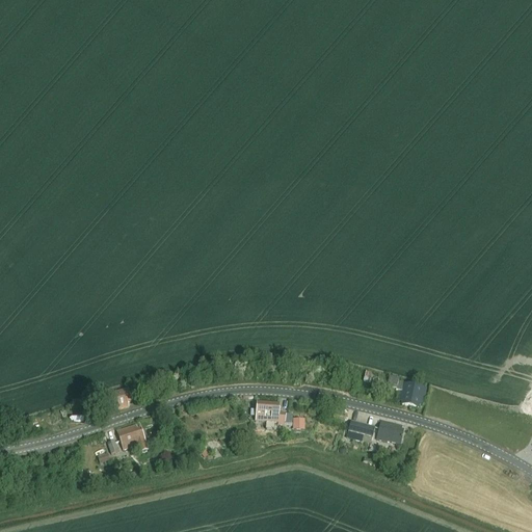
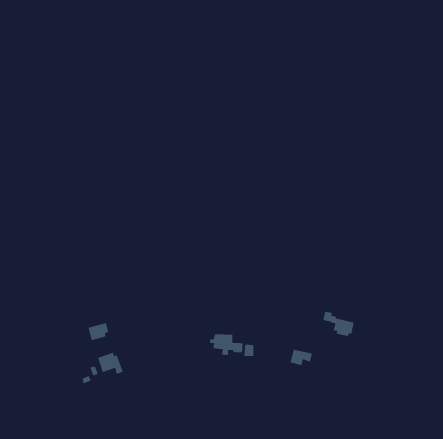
building: [377,419,404,442] -> none

